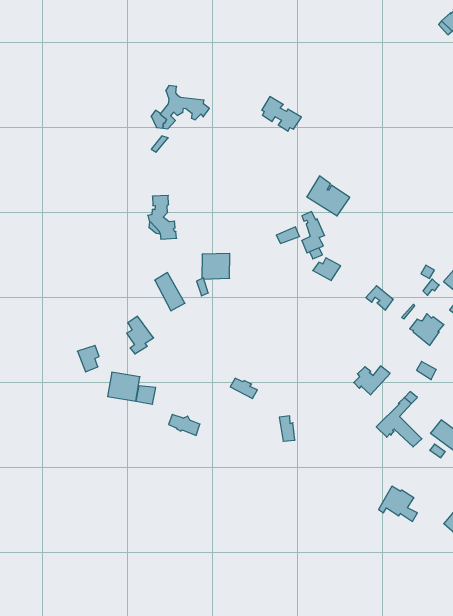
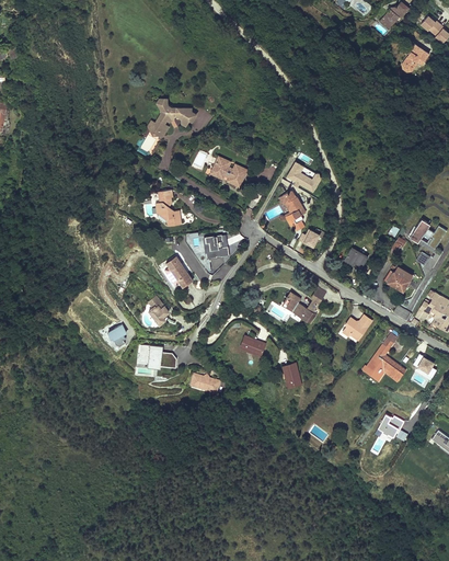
building: [262,97,301,131] -> [212,159,246,186]
building: none -> [288,288,326,323]

